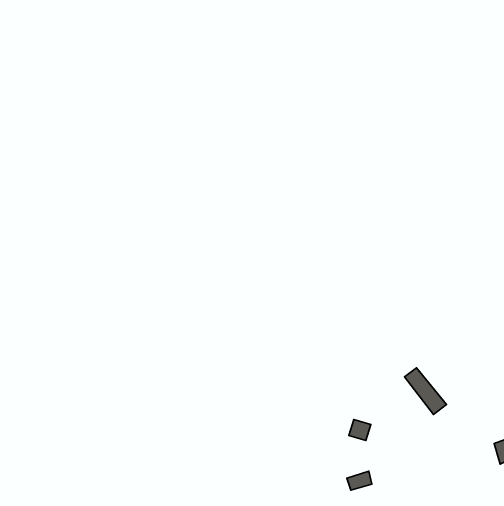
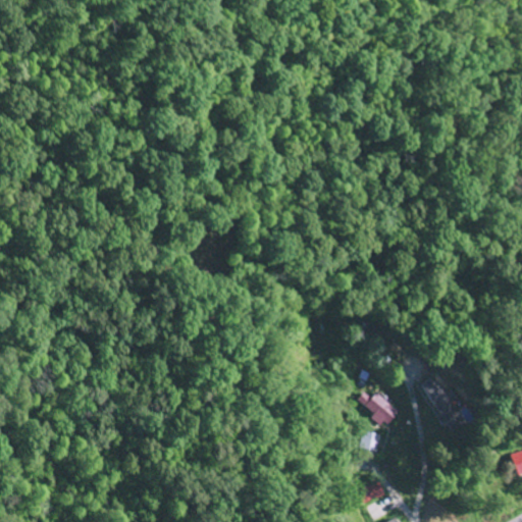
building: none -> [359,392,401,426]

